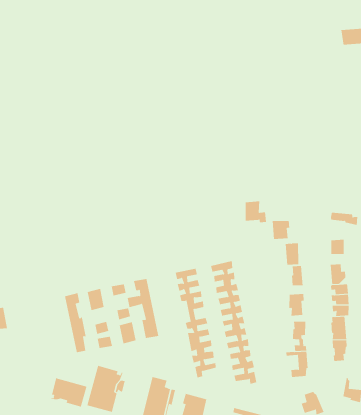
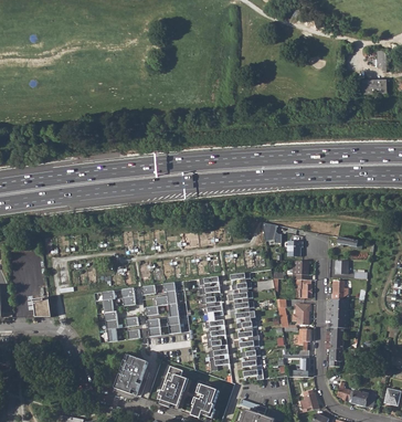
building: [50,378,87,408] -> none

